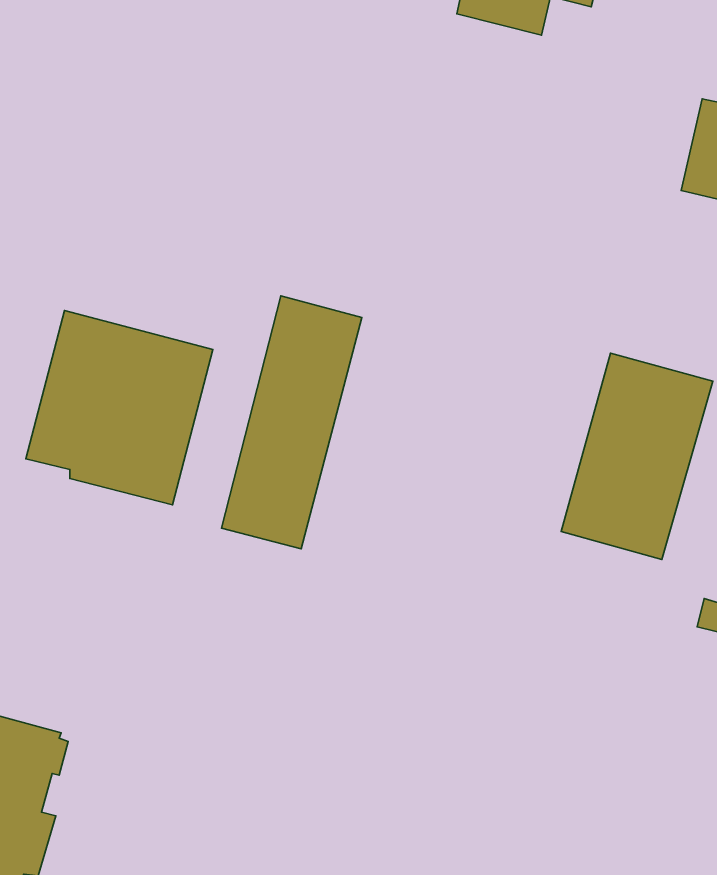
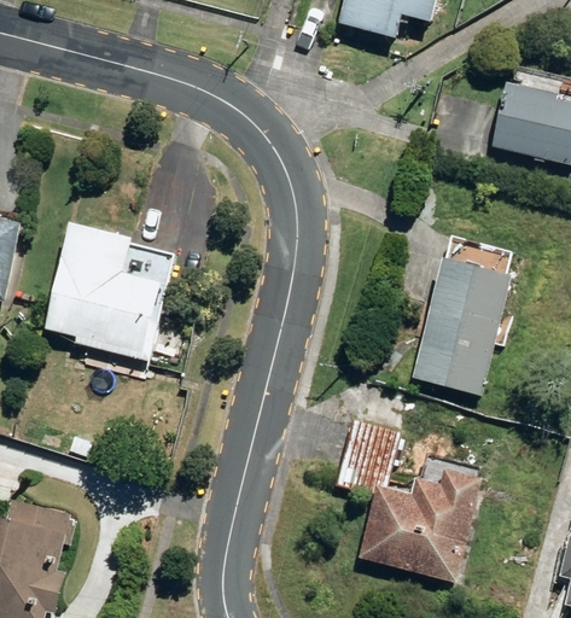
building: [221,296,362,549] -> none
building: none -> [332,419,484,583]

